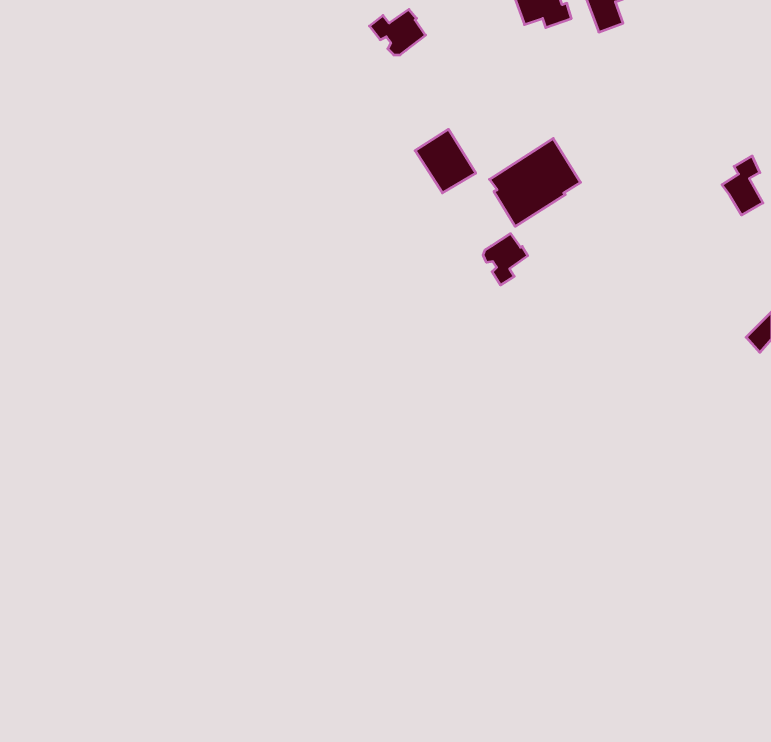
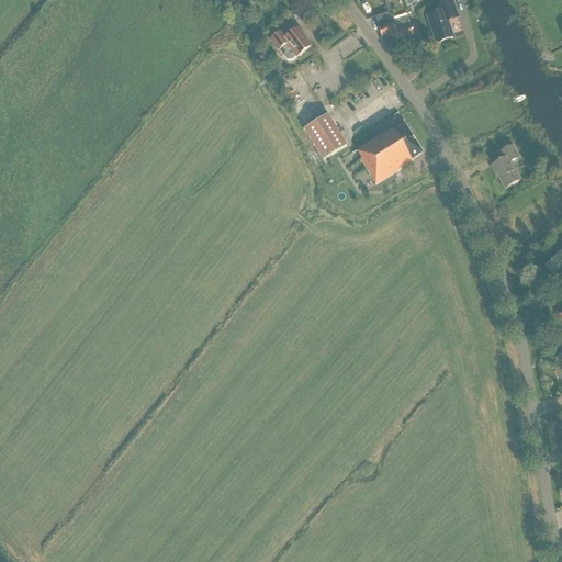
building: [722,156,763,215] -> [491,143,520,186]
building: [483,234,528,285] -> none

